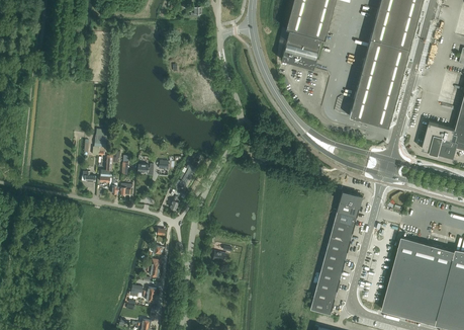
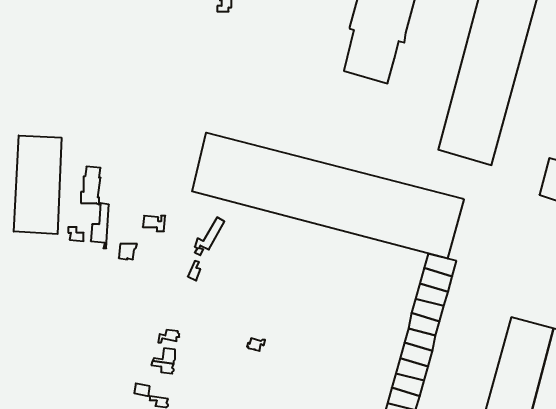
building: none -> [192,133,464,259]
building: none -> [14,135,61,234]

